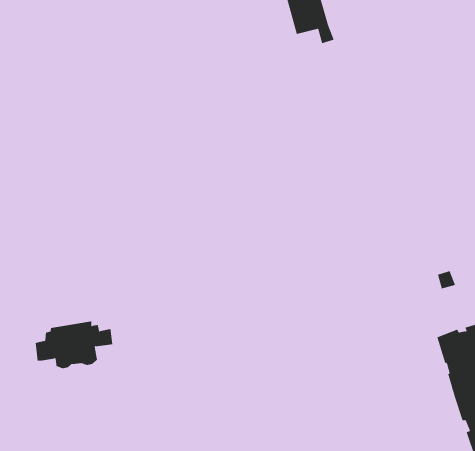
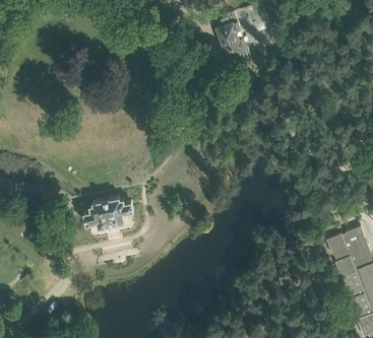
building: [35,321,113,369] -> [84,197,134,228]

